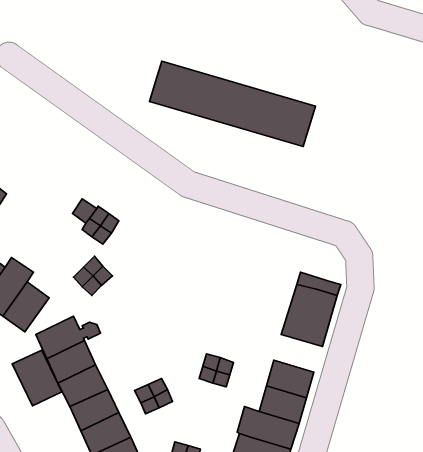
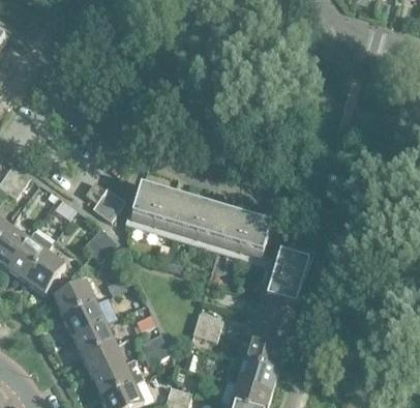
building: [150,61,316,147] -> [131,185,272,258]
building: none -> [256,295,297,327]
building: [12,350,62,406] -> none

